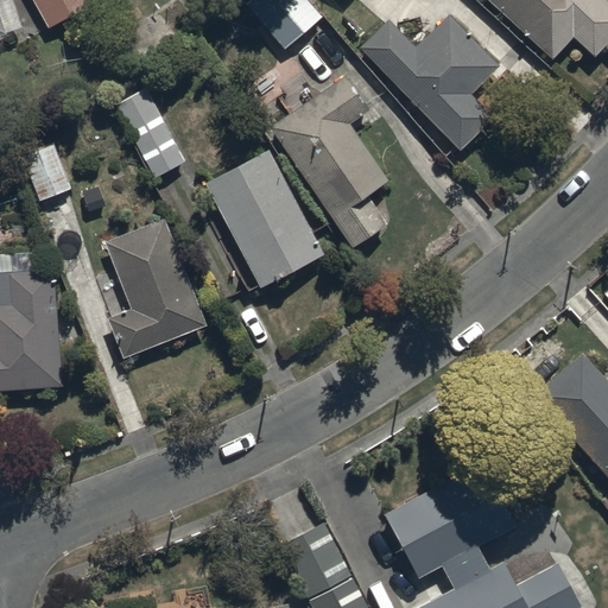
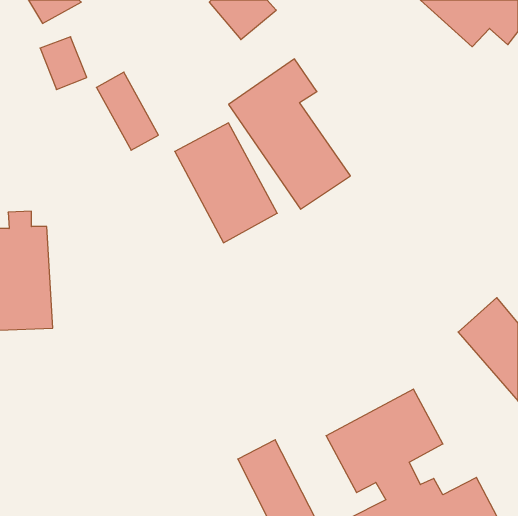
building: [357,13,499,150] -> none
building: [17,141,71,203] -> [40,37,87,90]
building: [106,217,207,359] -> none

